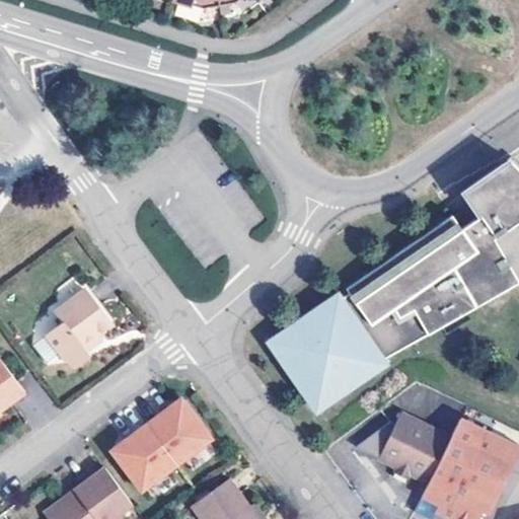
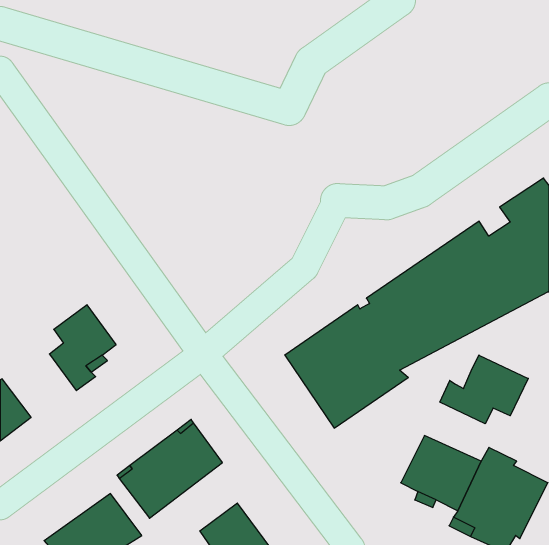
building: none -> [440,355,528,424]

